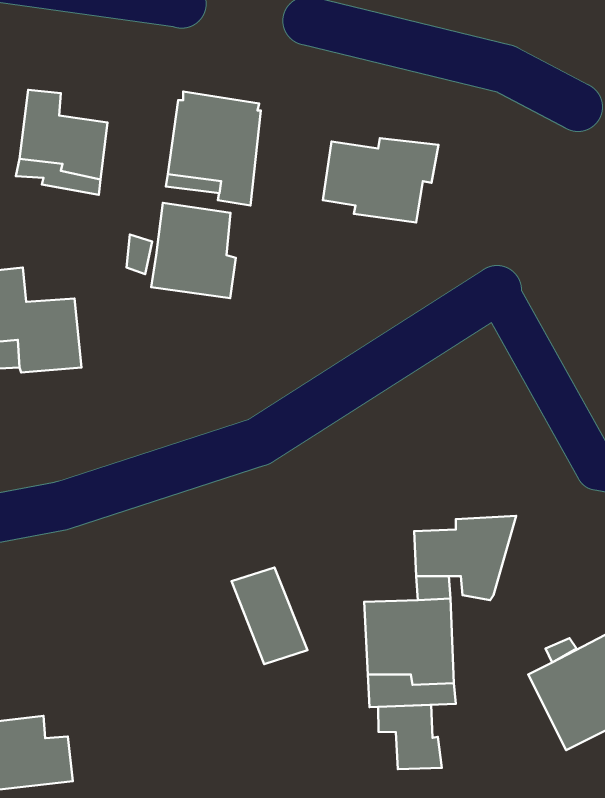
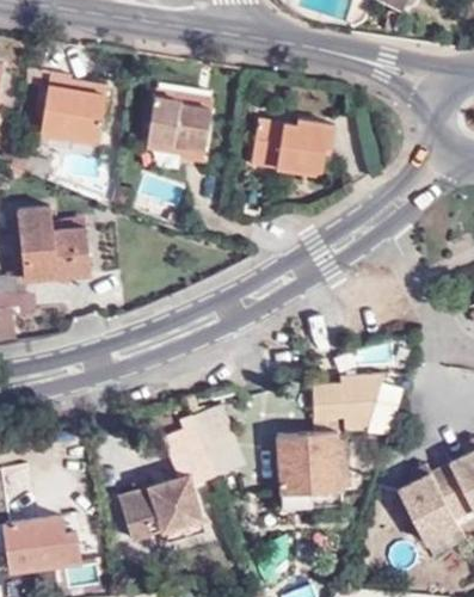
building: [151,203,236,298] -> none
building: none -> [119,423,215,540]
building: [378,705,442,769] -> none

